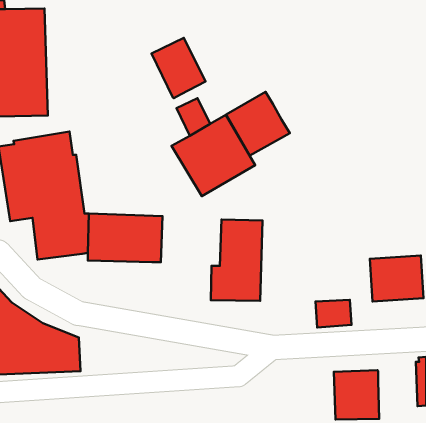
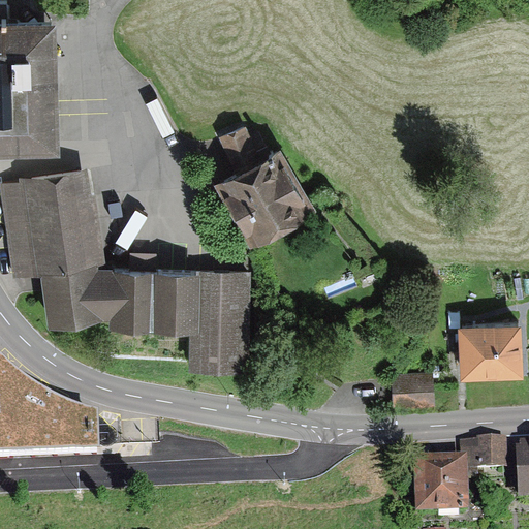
building: [152,38,206,98] -> none
building: [226,92,290,156] -> none
building: [211,220,263,301] -> [187,273,251,373]
building: none -> [466,444,506,476]

